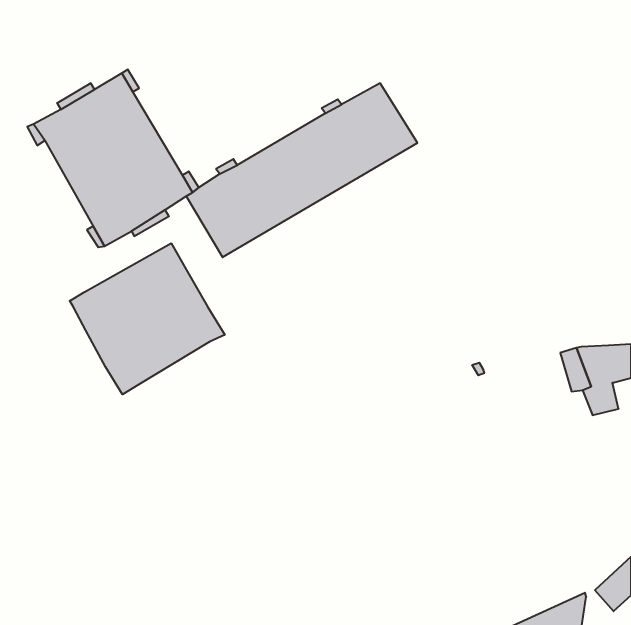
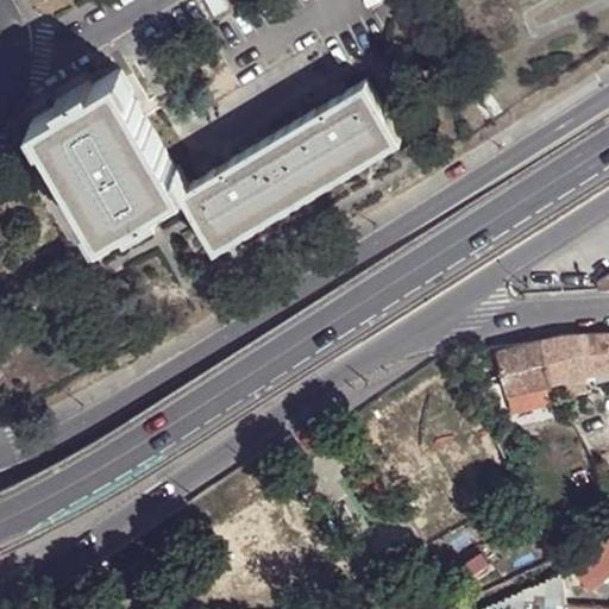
building: [70,243,225,394] -> none
building: none -> [495,347,547,396]

